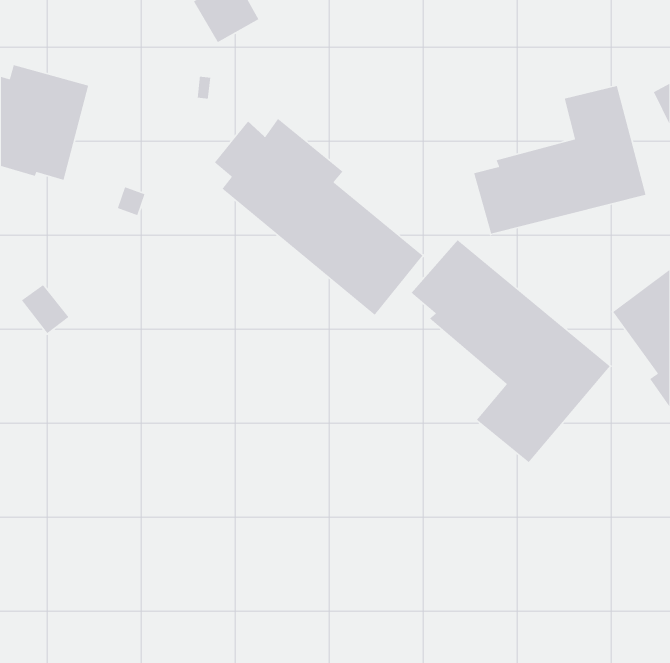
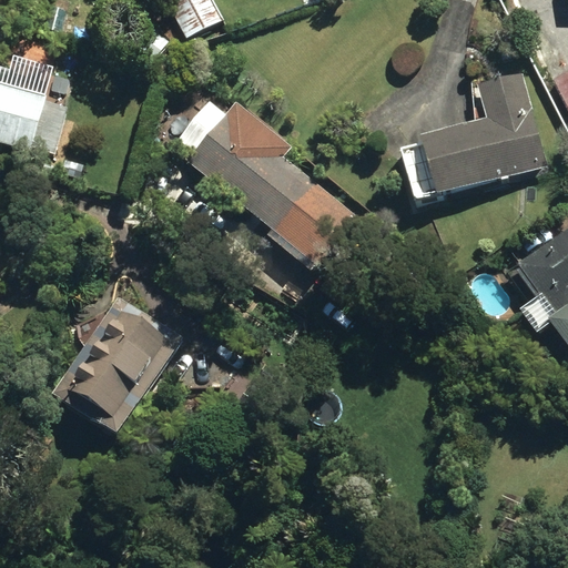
building: [411,239,611,463] -> none
building: none -> [53,296,182,437]

